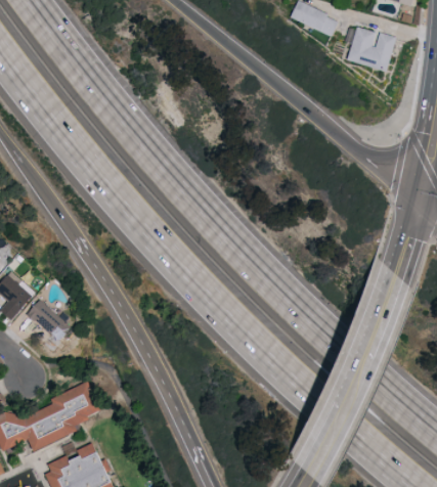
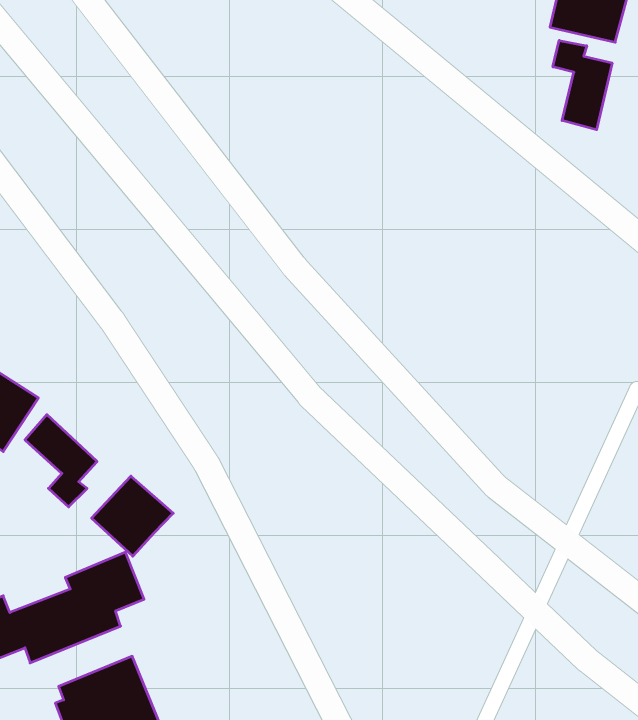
building: none -> [553,40,612,130]
building: none -> [92,476,173,556]

